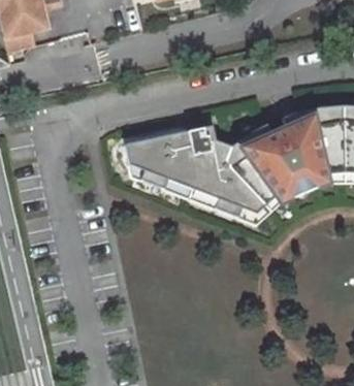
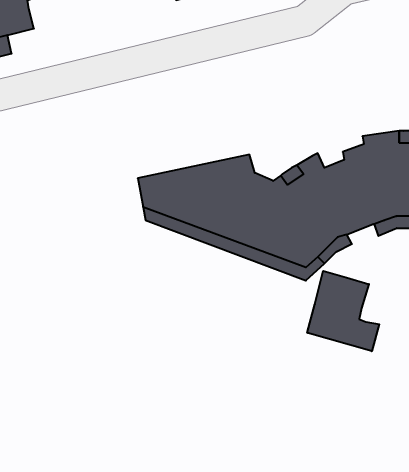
building: none -> [307,271,379,351]

